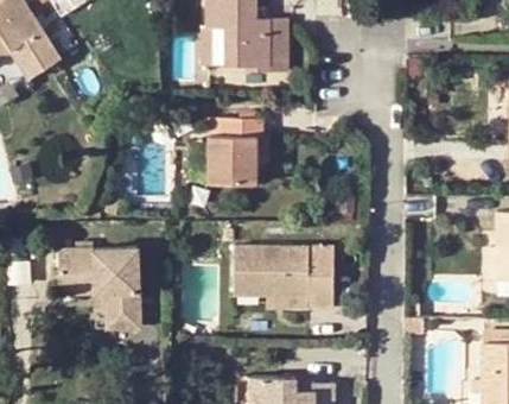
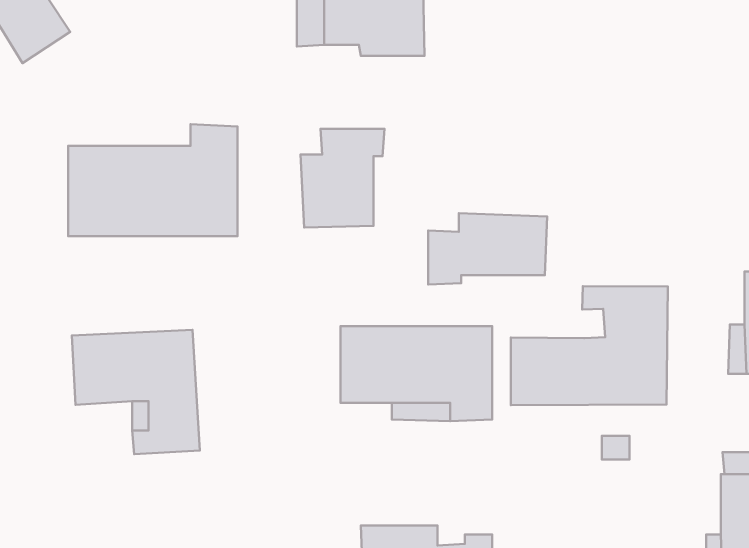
building: none -> [68,124,237,236]
building: none -> [428,213,547,285]
building: none -> [511,286,668,405]

